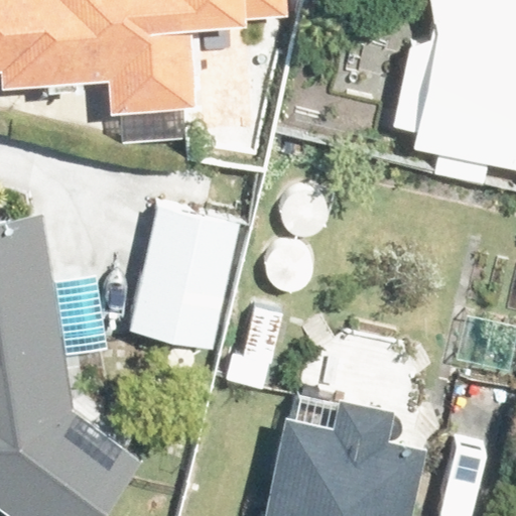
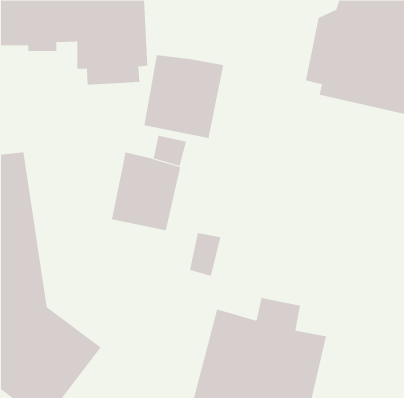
building: none -> [144,54,224,139]

